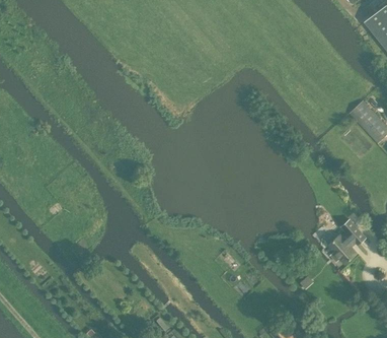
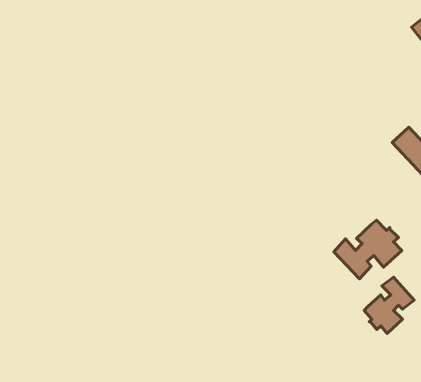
building: none -> [334,220,402,279]

